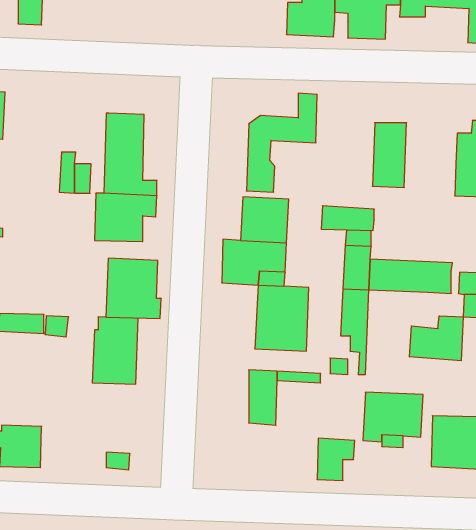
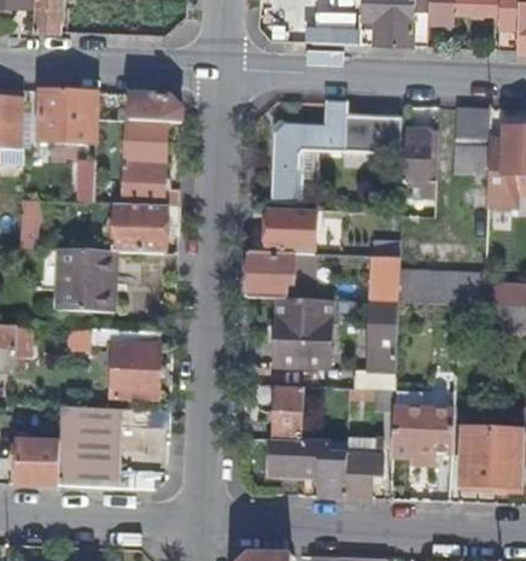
building: none -> [40,89,98,147]
building: none -> [129,93,182,122]
building: none -> [451,106,487,173]
building: [321,206,374,230] -> [344,115,398,140]
building: [106,258,161,318] -> [57,249,113,310]
building: [410,316,463,361] -> none
building: none -> [59,407,122,486]
building: none -> [258,437,344,496]

